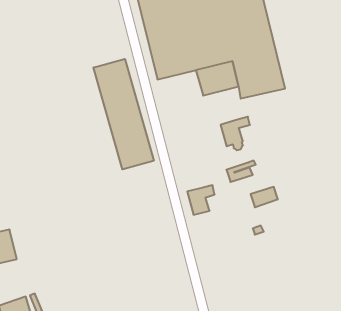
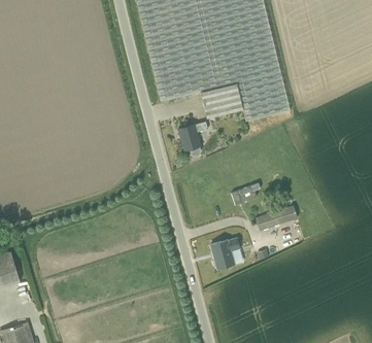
building: [93,59,154,169] -> none
building: [221,117,250,150] -> [178,121,208,155]
building: [187,185,215,215] -> [211,238,239,268]

